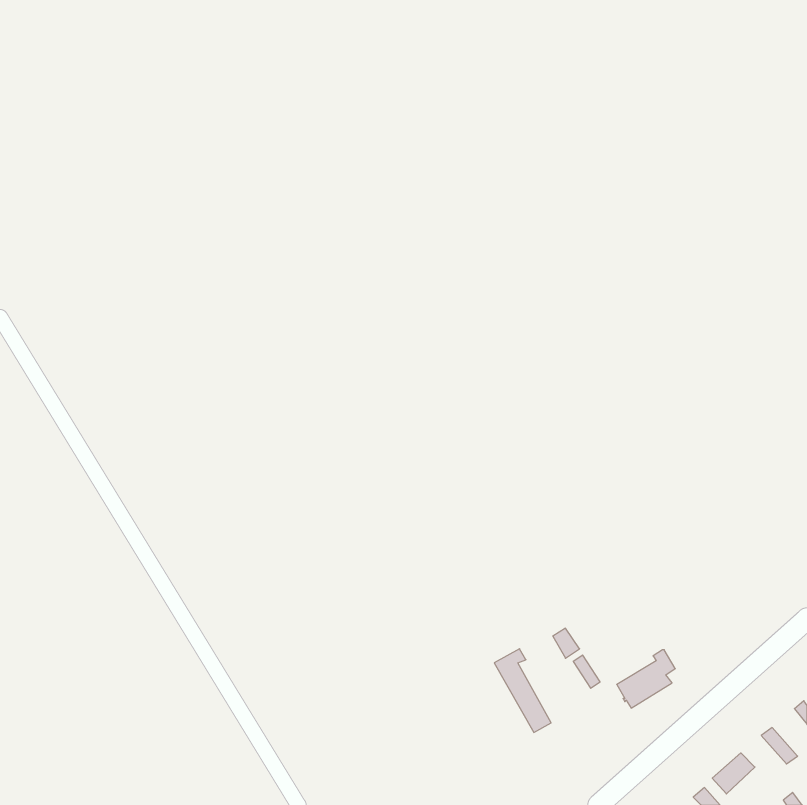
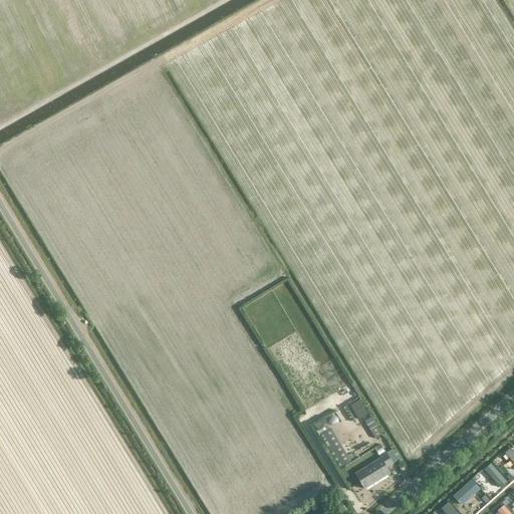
building: [617,650,675,708] -> [355,451,393,488]

